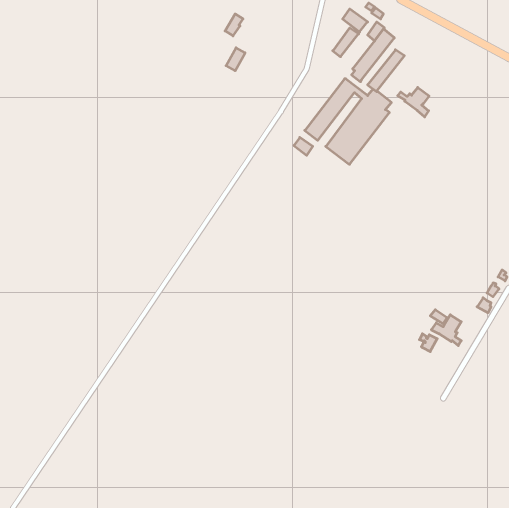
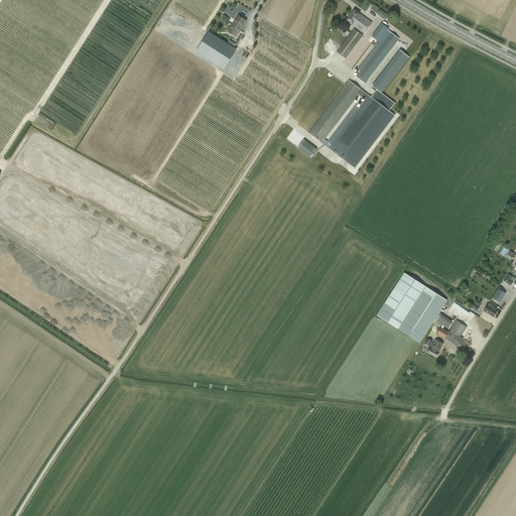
building: none -> [198,32,235,67]
building: [398,87,429,117] -> none
building: none -> [377,272,446,342]

